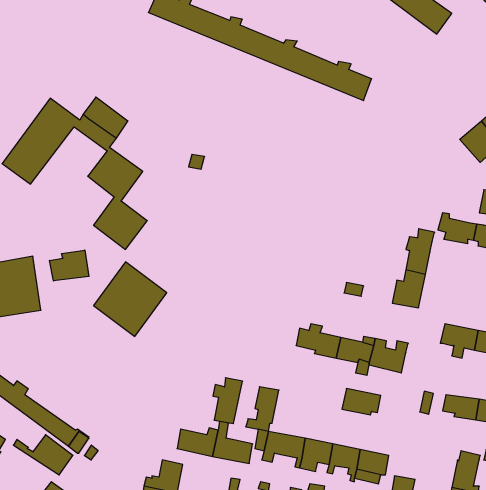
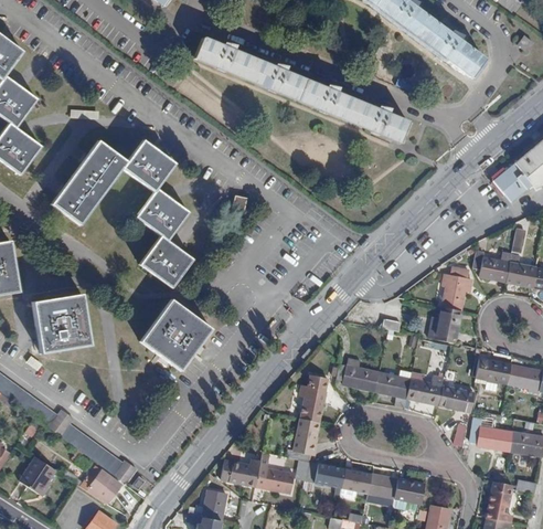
building: [50,250,89,281] -> none
building: [213,378,243,424] -> [299,378,328,422]
building: [342,389,381,415] -> [437,385,475,411]

